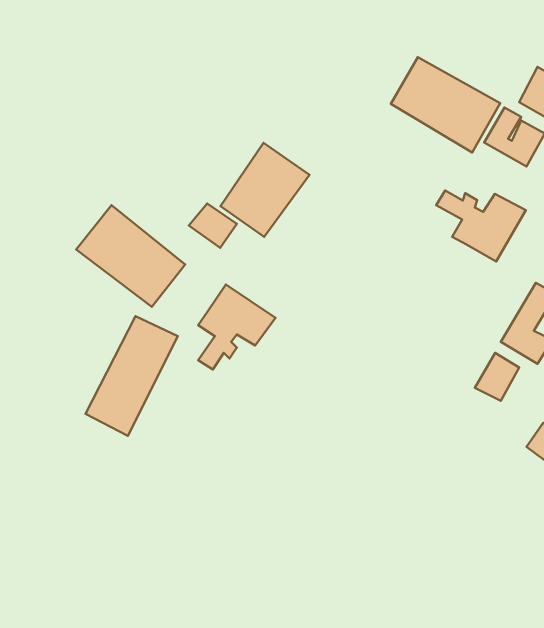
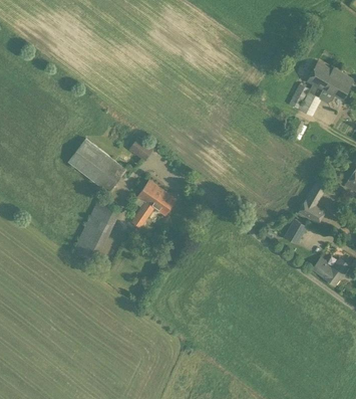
building: [391,57,500,152] -> none
building: [220,143,310,237] -> none
building: [436,190,526,261] -> none

